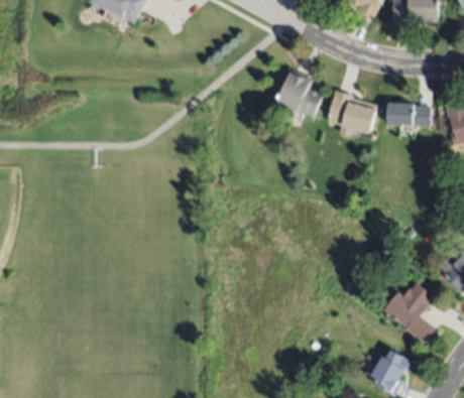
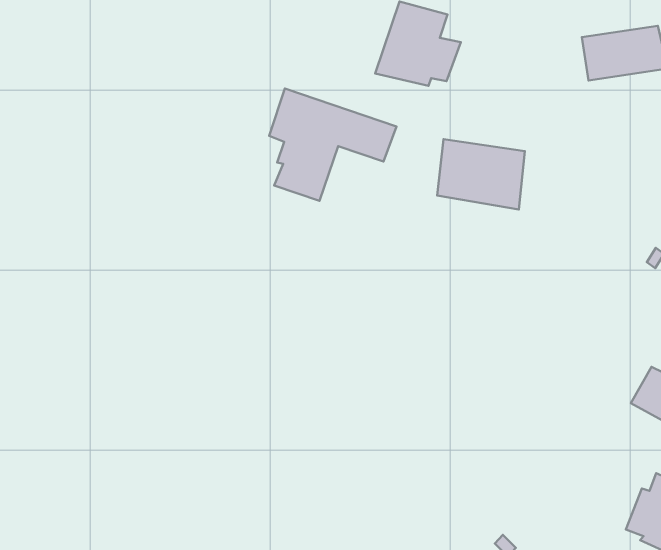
building: [325,92,376,136] -> [437,139,525,209]
building: none -> [269,88,397,201]

